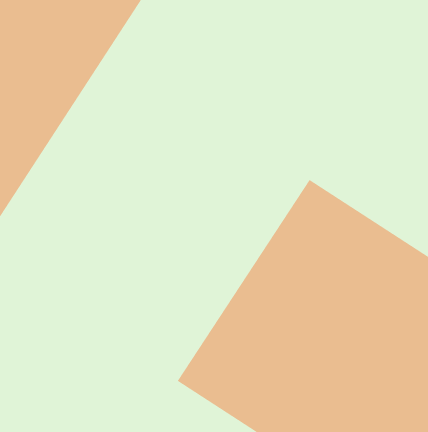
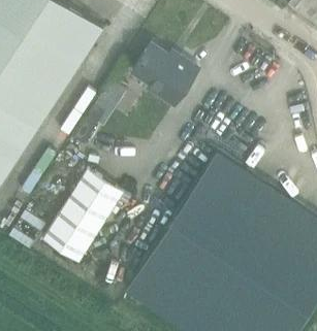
building: none -> [131,46,197,107]
building: none -> [42,171,123,263]

